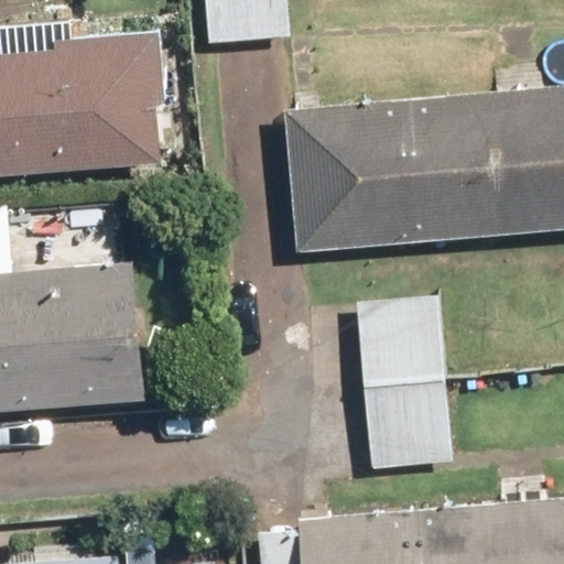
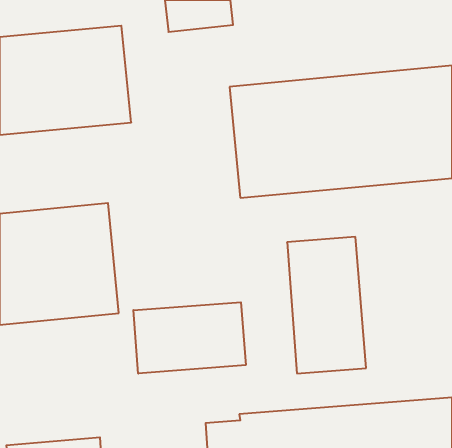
building: none -> [133,302,246,374]

